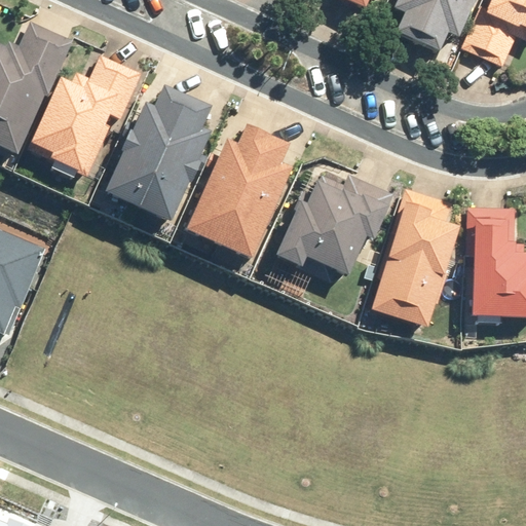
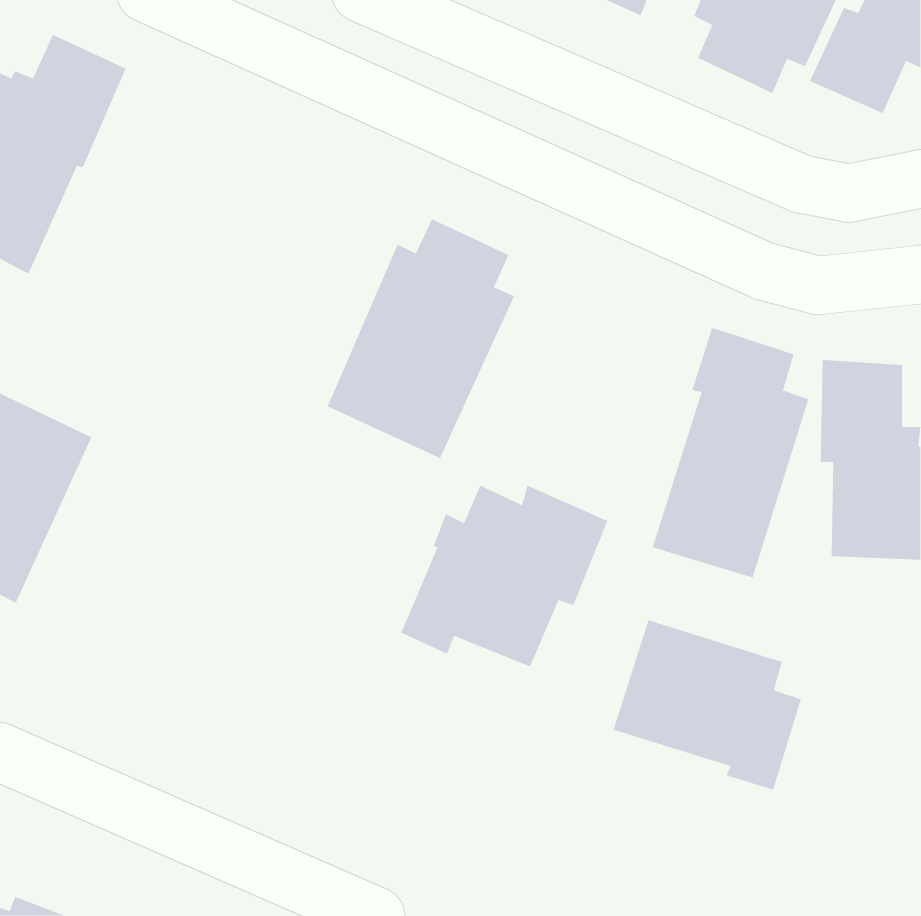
building: [30,53,140,178] -> none
building: [104,85,212,224] -> none
building: [275,173,393,276] -> [400,485,608,667]
building: none -> [613,619,801,791]

